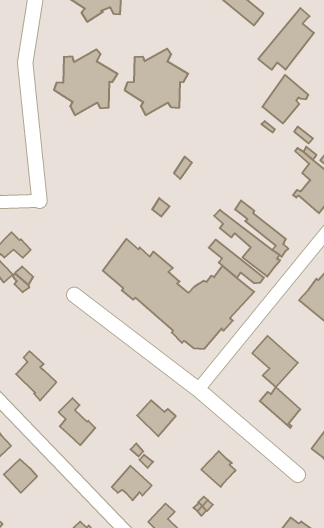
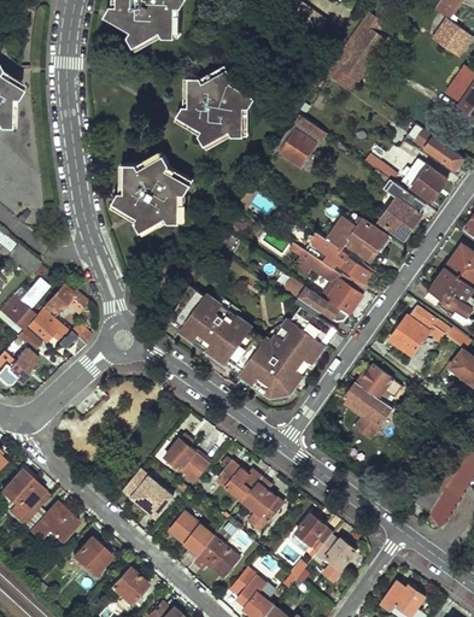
building: [54,50,118,115] -> [112,157,182,231]
building: [262,75,308,123] -> [276,113,327,168]
building: none -> [328,213,388,263]
building: [16,351,56,401] -> [164,430,210,484]
building: [260,387,300,428] -> [357,364,403,409]
building: none -> [242,477,283,531]
building: none -> [170,513,213,562]
building: none -> [318,535,357,581]
building: none -> [111,568,147,604]

